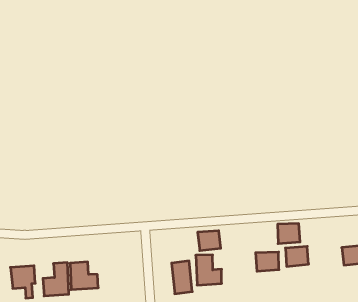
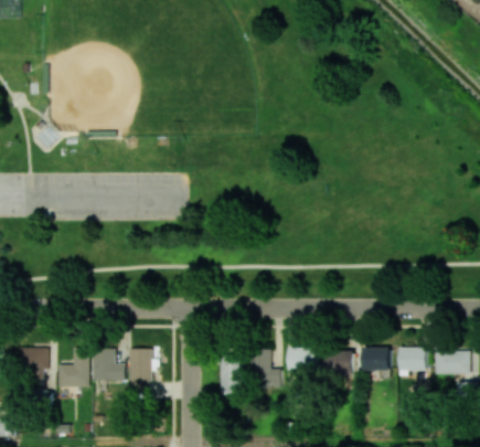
building: [278,224,300,244] -> [399,347,427,371]
building: [198,231,221,251] -> [289,348,317,371]
building: none -> [129,349,152,393]

